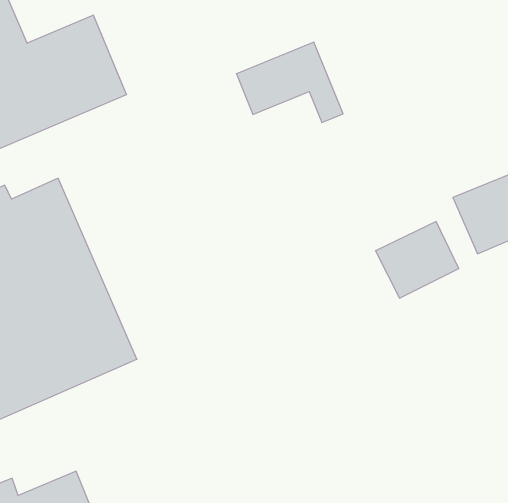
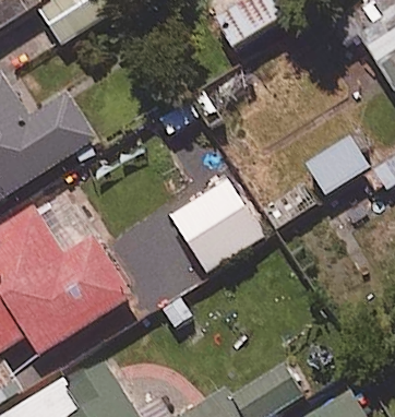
building: none -> [169,163,264,273]

